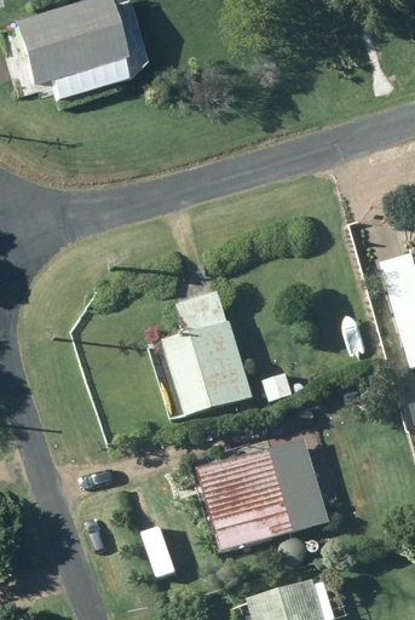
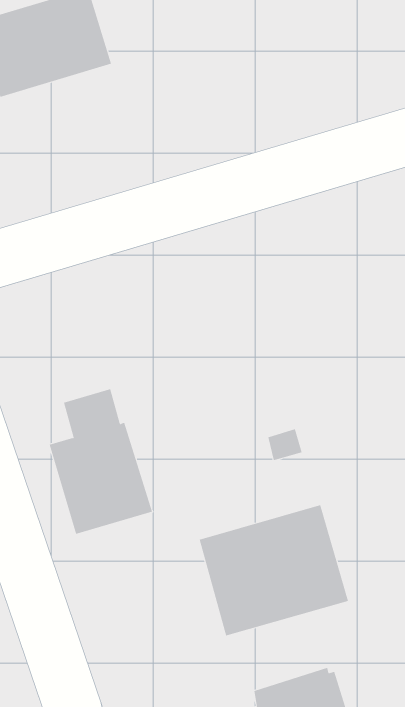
building: [165,291,254,417] -> [49,389,153,534]

